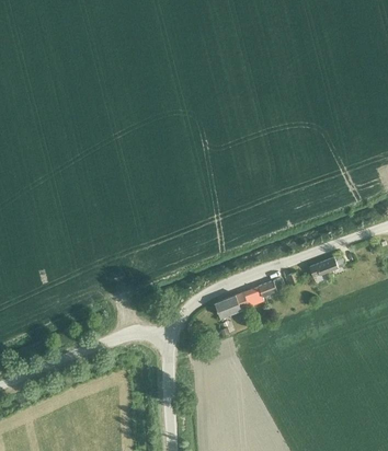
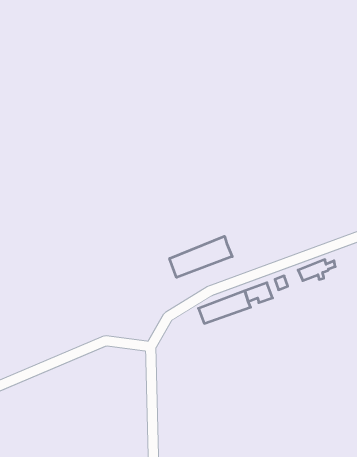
building: none -> [170,236,232,277]

